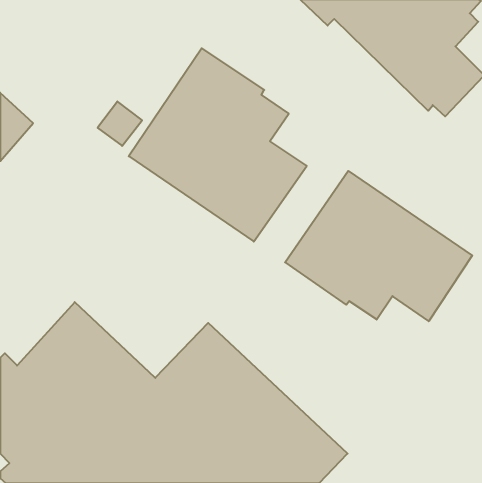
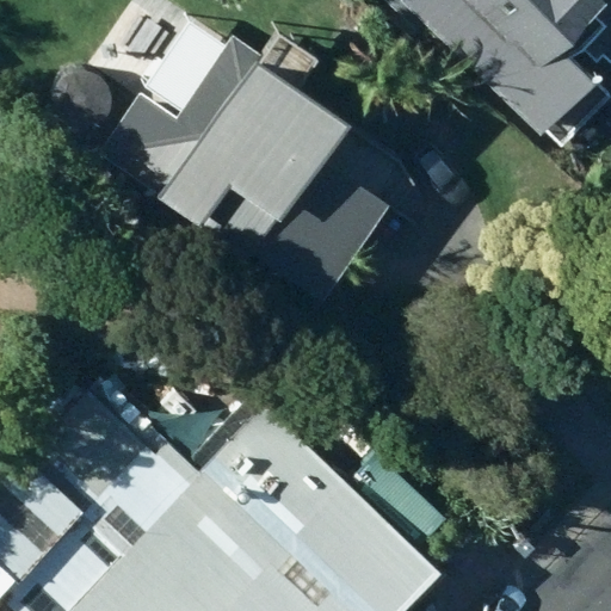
building: [285,171,472,321] -> none

